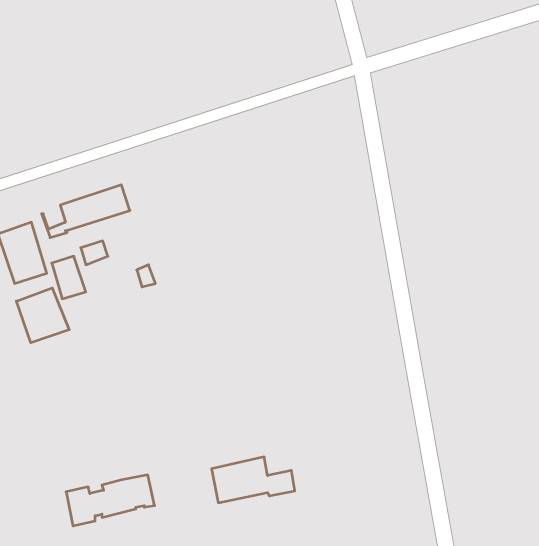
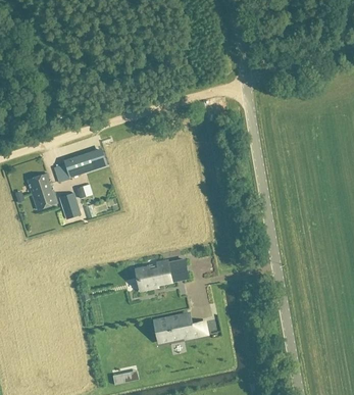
building: [16,288,69,343] -> none
building: [66,475,155,526] -> [134,259,187,290]

